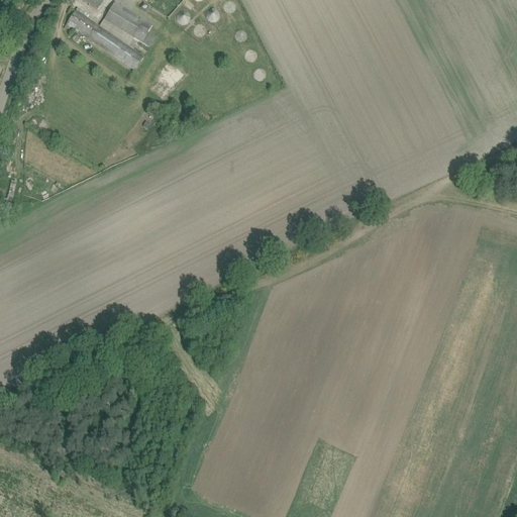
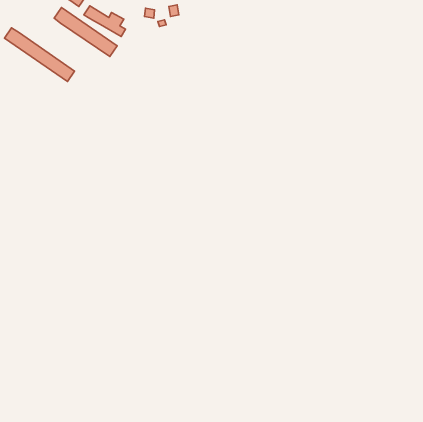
building: none -> [4,28,75,82]

